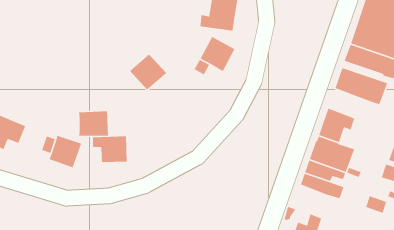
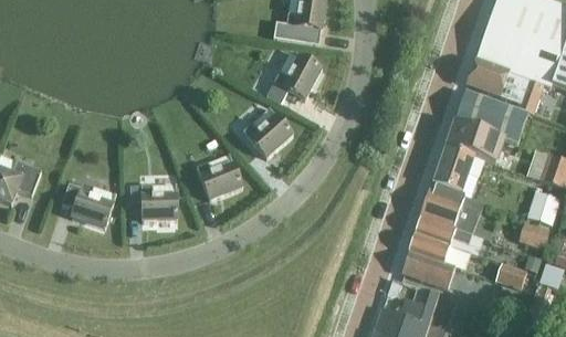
building: [129,53,167,91] -> [242,107,293,157]
building: none -> [446,120,504,165]
building: [78,111,109,136] -> none
building: none -> [196,154,242,200]
building: none -> [401,250,463,289]

